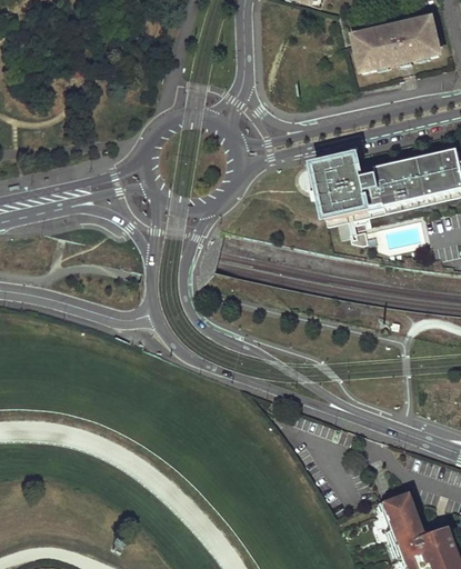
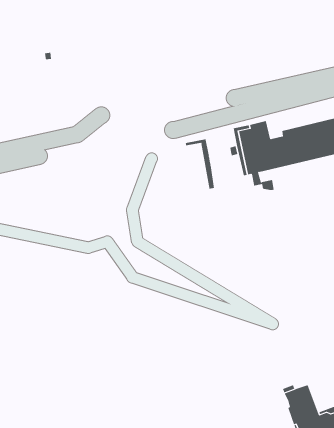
building: [352,10,439,73] -> none
building: none -> [185,139,215,190]

